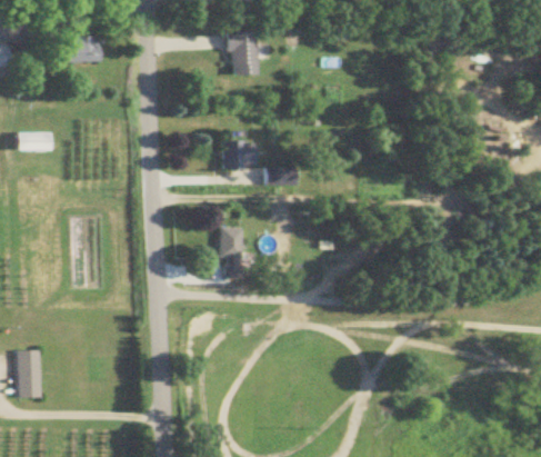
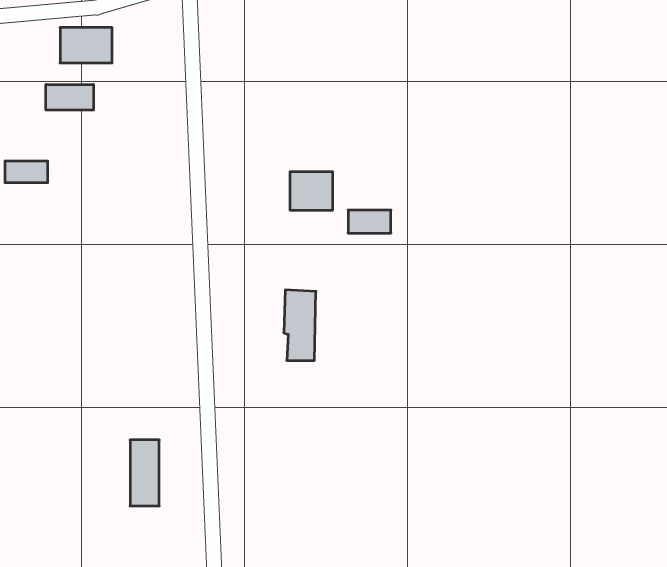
building: [229,31,257,74] -> none
building: none -> [46,84,93,110]
building: [19,349,40,397] -> [130,440,159,506]

